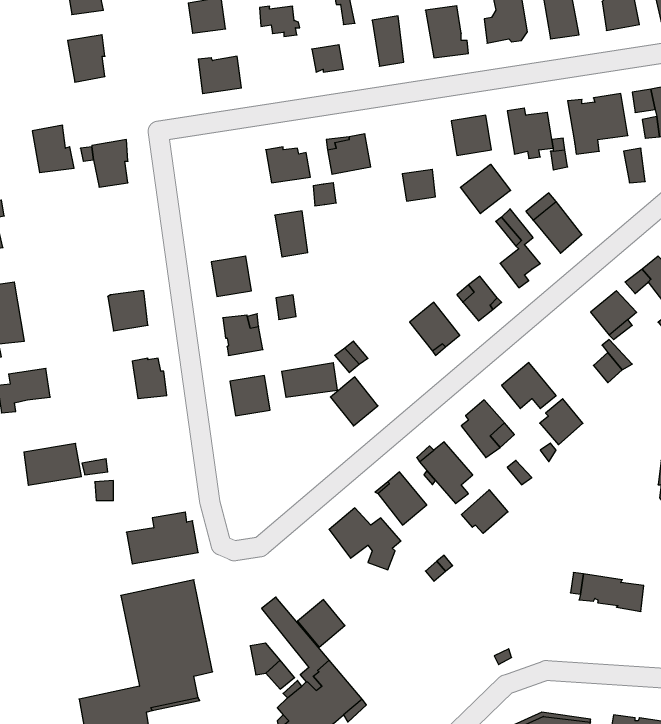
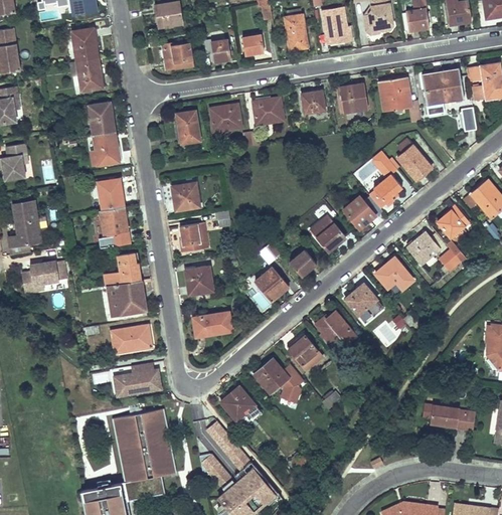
building: [260,6,300,36] -> [205,39,233,60]
building: [32,125,74,173] -> [76,56,106,90]
building: [460,164,511,214] -> none
building: [402,169,435,201] -> [302,91,325,113]
building: none -> [94,131,122,164]
building: [275,211,308,257] -> [177,111,200,143]
building: none -> [98,178,123,209]
building: none -> [290,248,317,276]
building: [282,363,338,397] -> [193,312,232,336]
building: none -> [106,280,146,315]
building: [540,399,583,445] -> [409,231,440,264]
building: [24,443,81,485] -> [112,324,152,353]
building: [461,490,508,533] -> none
building: [298,600,345,647] -> [221,386,255,419]

